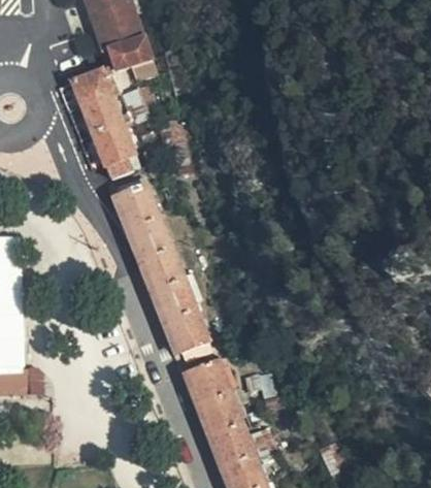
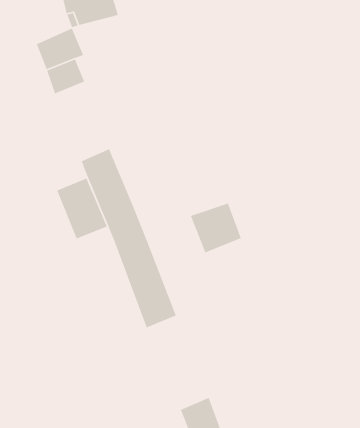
building: [89,119,139,180] -> [56,177,108,240]
building: none -> [190,202,242,253]
building: [185,362,241,440] -> none

